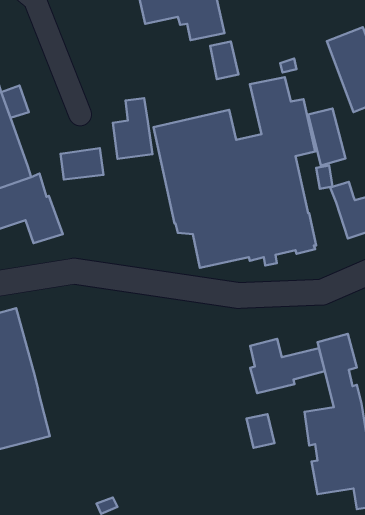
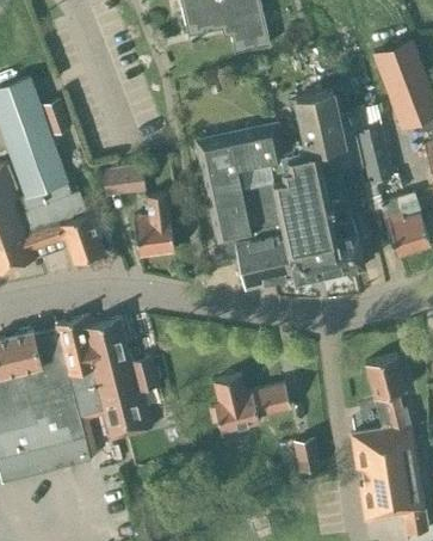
building: [210,42,238,79] -> none
building: [113,98,152,159] -> [132,192,173,254]
building: none -> [55,315,156,438]
building: [250,339,325,393] -> [212,373,289,429]

